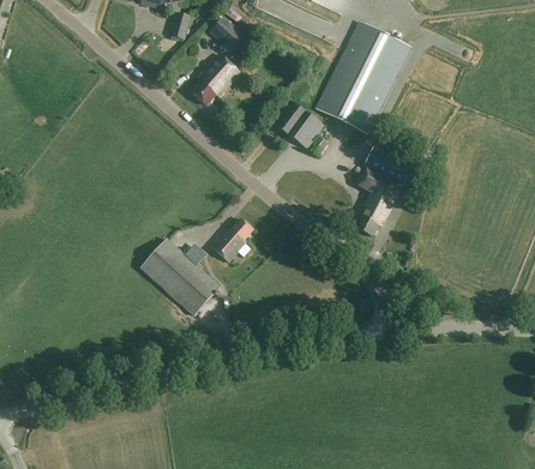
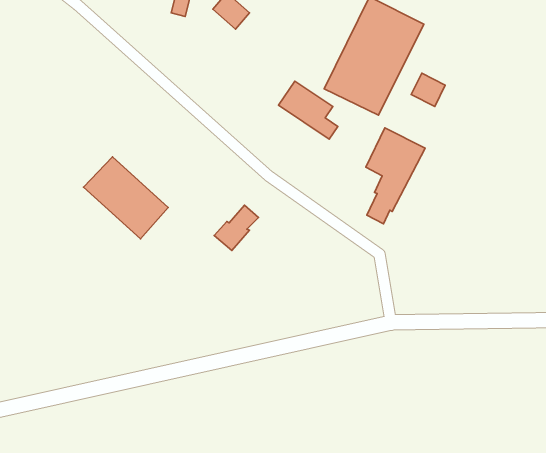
building: [191,53,240,103] -> none
building: none -> [411,73,445,107]
building: [139,237,220,315] -> [84,157,168,239]

